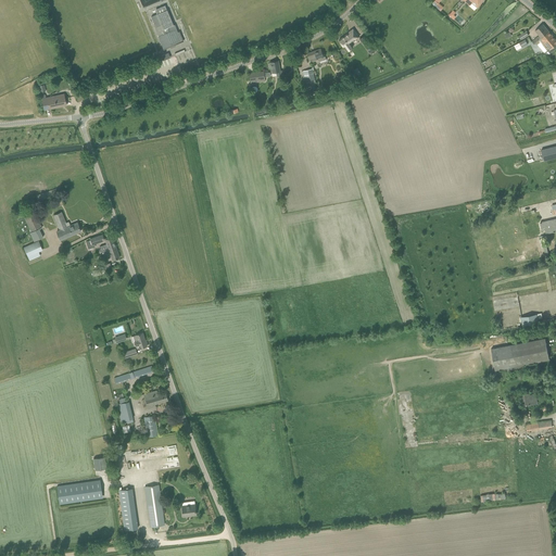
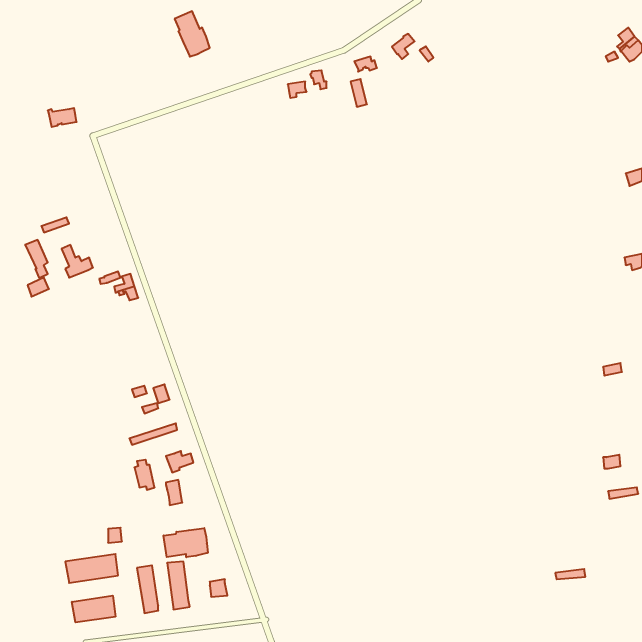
building: [491,339,549,369] -> none
building: none -> [164,528,208,557]
building: none -> [72,596,115,622]

